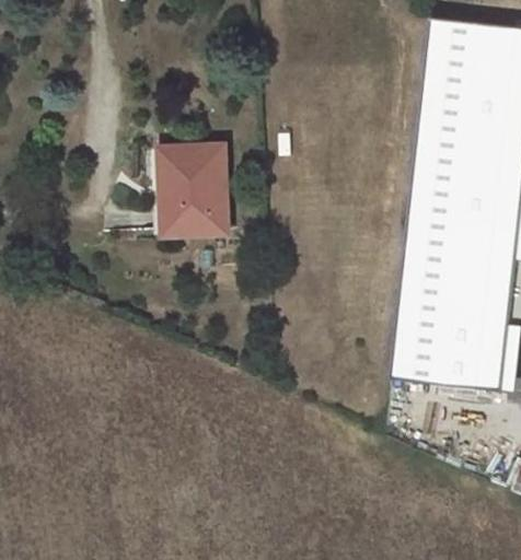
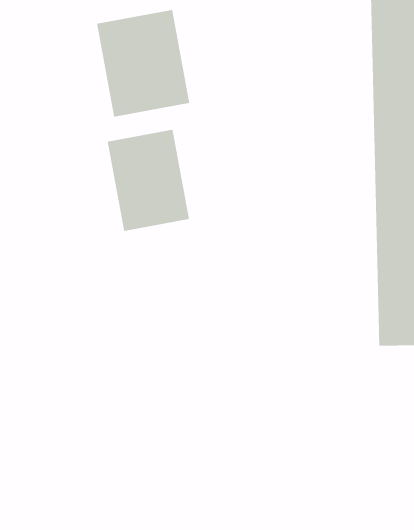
building: none -> [97,9,190,117]

